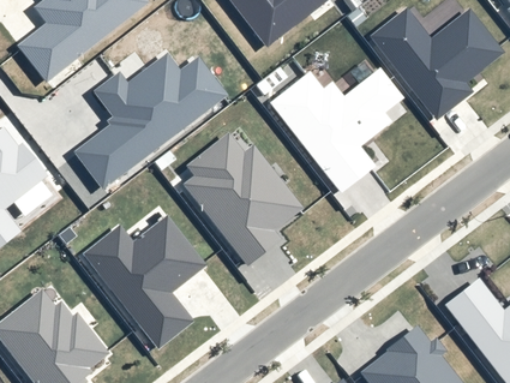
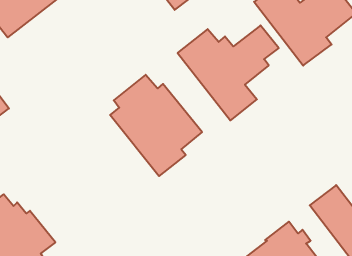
building: [73,52,228,190] -> none
building: [83,215,206,348] -> none

